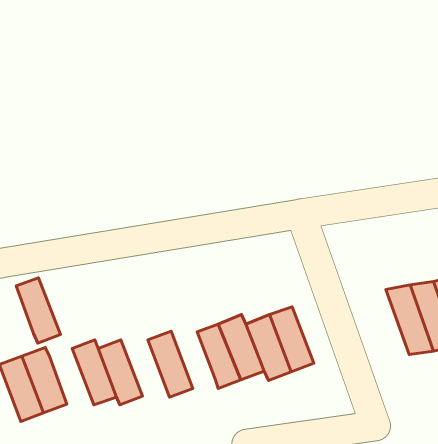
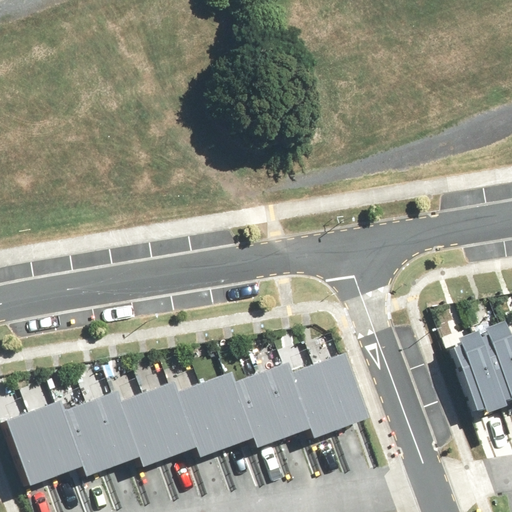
building: [16,278,60,343] -> [64,401,115,476]
building: none -> [204,372,255,447]
building: none -> [146,380,198,456]

